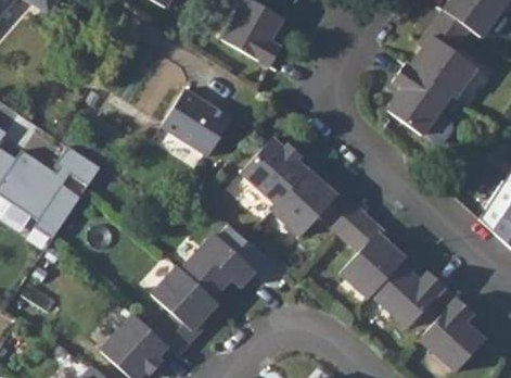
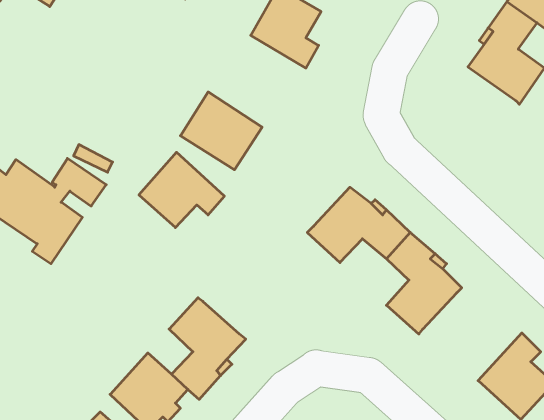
building: [387,64,451,136] -> none
building: [241,138,308,205] -> none
building: [181,234,255,299] -> [139,152,224,228]
building: [371,263,445,328] -> none

